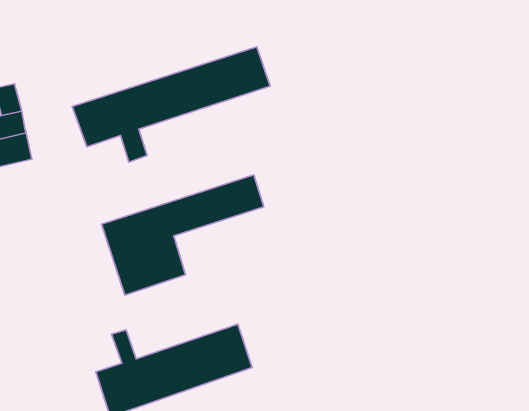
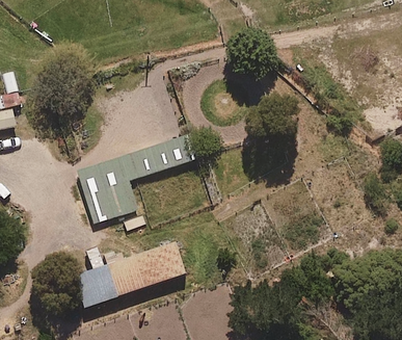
building: [72,47,270,162] -> none

